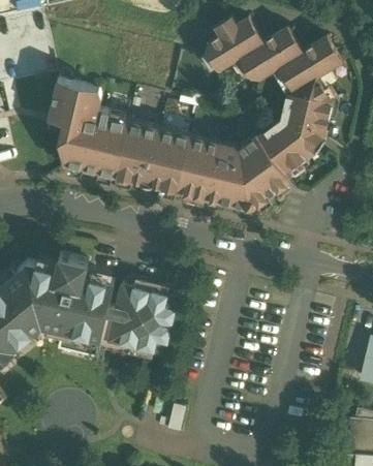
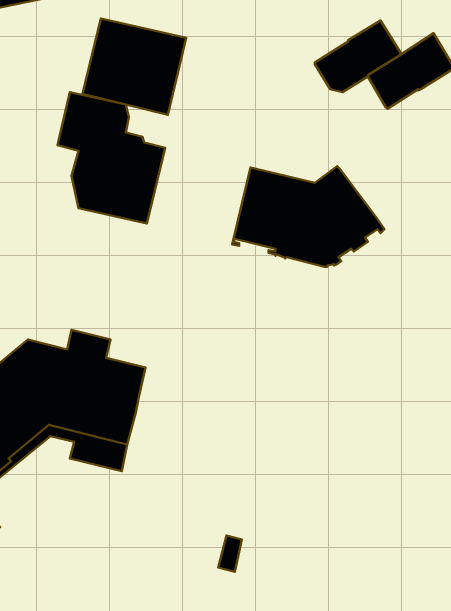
building: [206,14,263,68] -> none
building: [257,75,333,172] -> none
building: [115,119,191,190] -> [83,18,186,115]
building: [106,283,178,352] -> none

